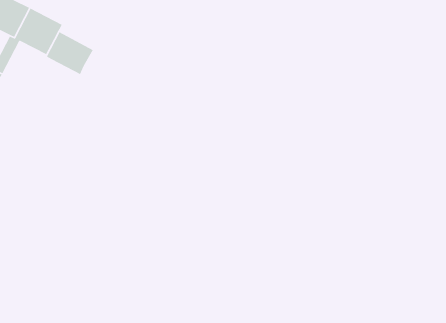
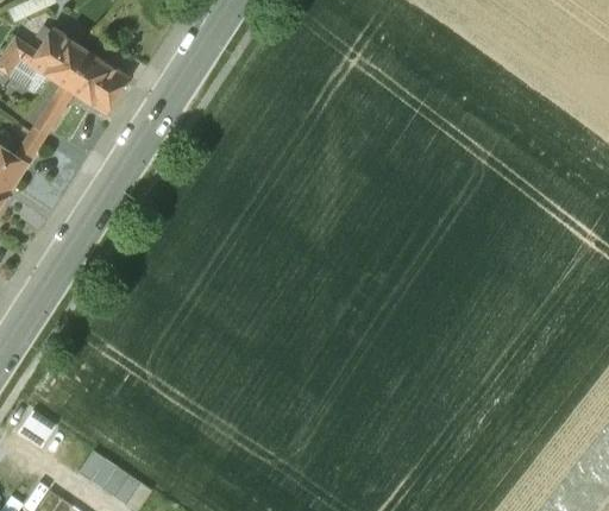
building: [46,31,94,75] -> none

